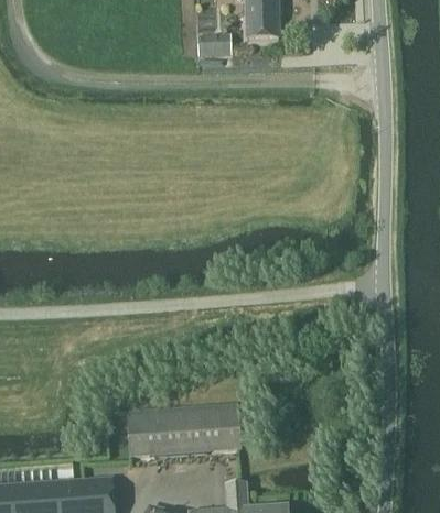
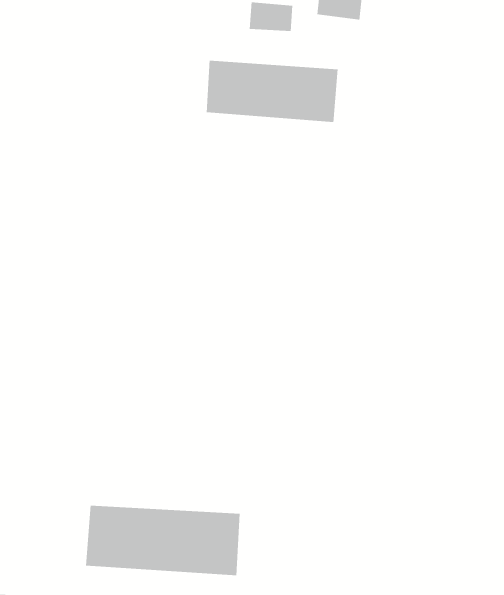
building: none -> [206,60,338,123]

